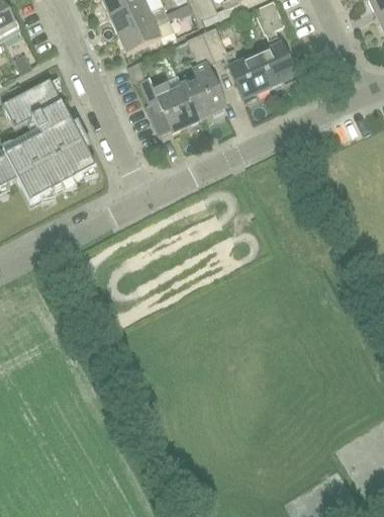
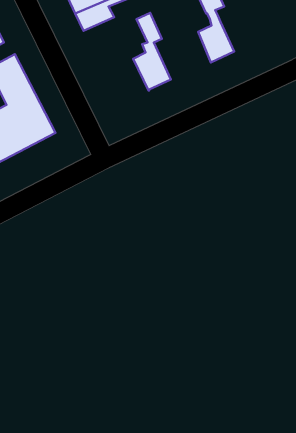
building: [202,25,270,98] -> none
building: [138,76,200,131] -> none

